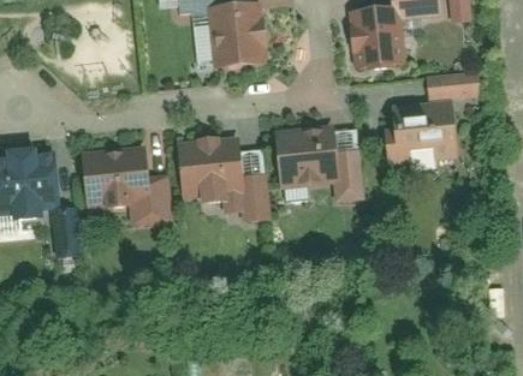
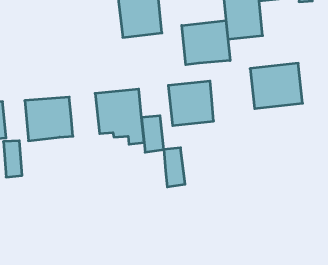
building: none -> [182,20,230,65]
building: [426,71,480,101] -> none
building: [334,149,363,202] -> [164,148,185,187]
building: [129,172,170,225] -> none

